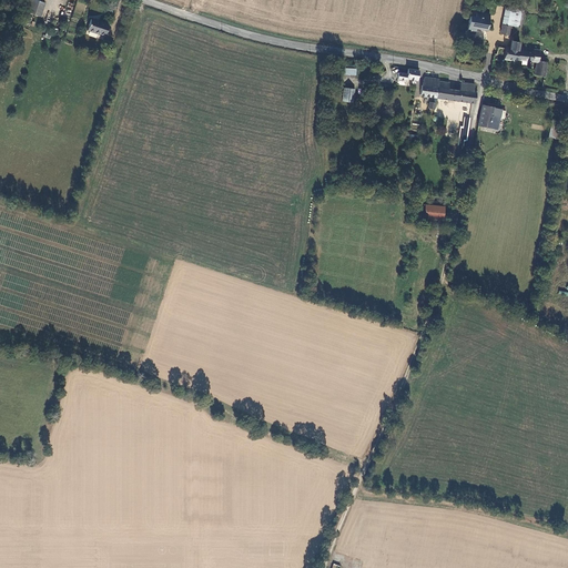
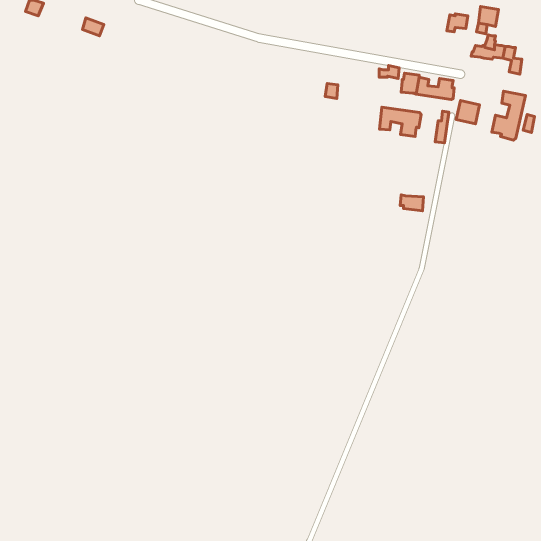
building: none -> [492,91,525,140]
building: none -> [379,107,421,137]

